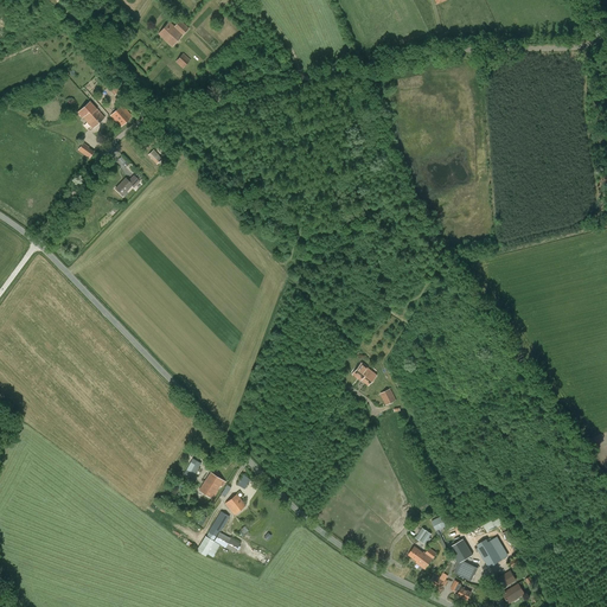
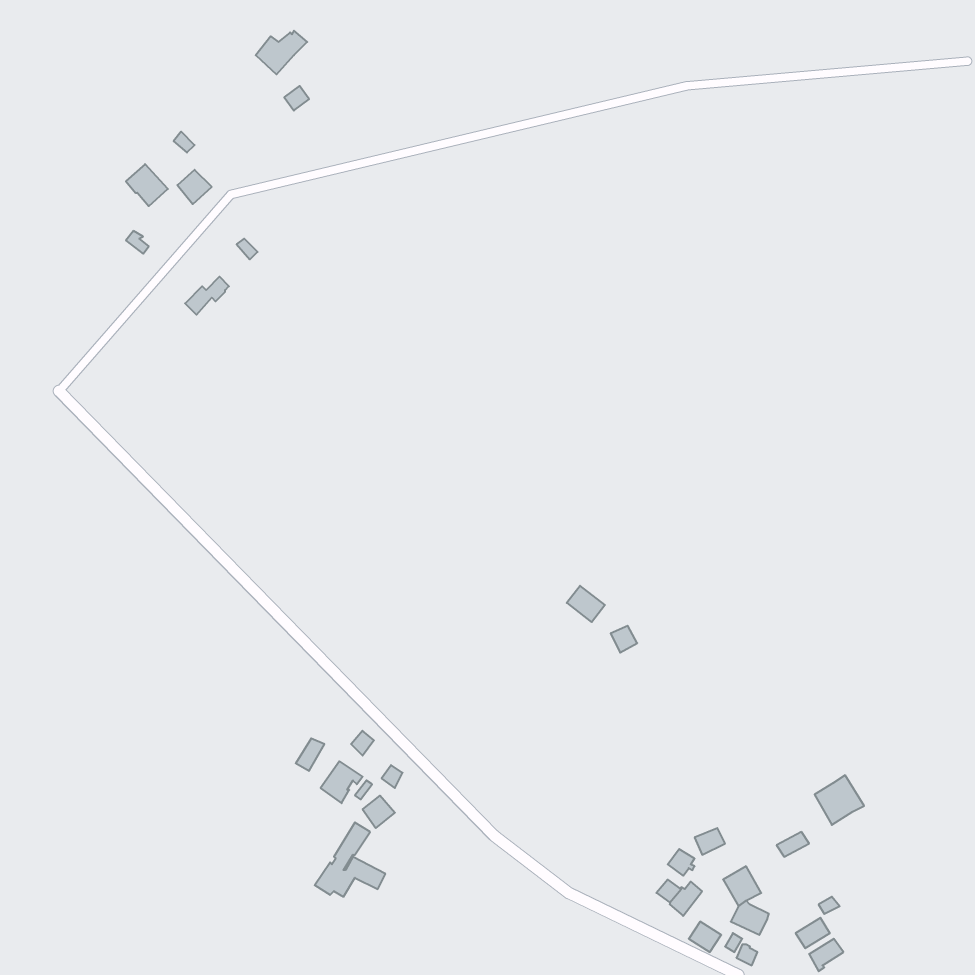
building: [478,537,509,568] -> [815,775,864,825]

